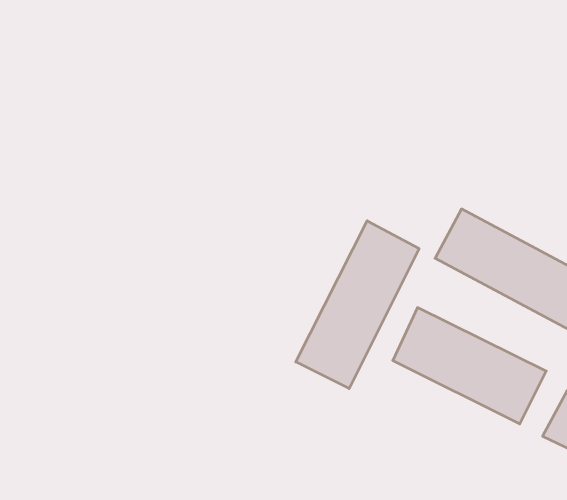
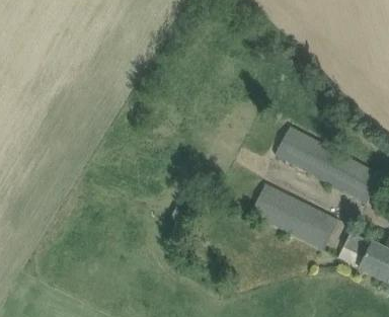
building: [296,221,419,389] -> none

